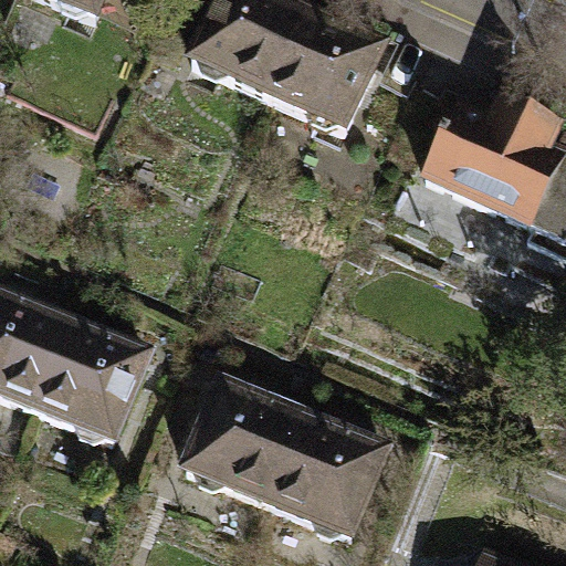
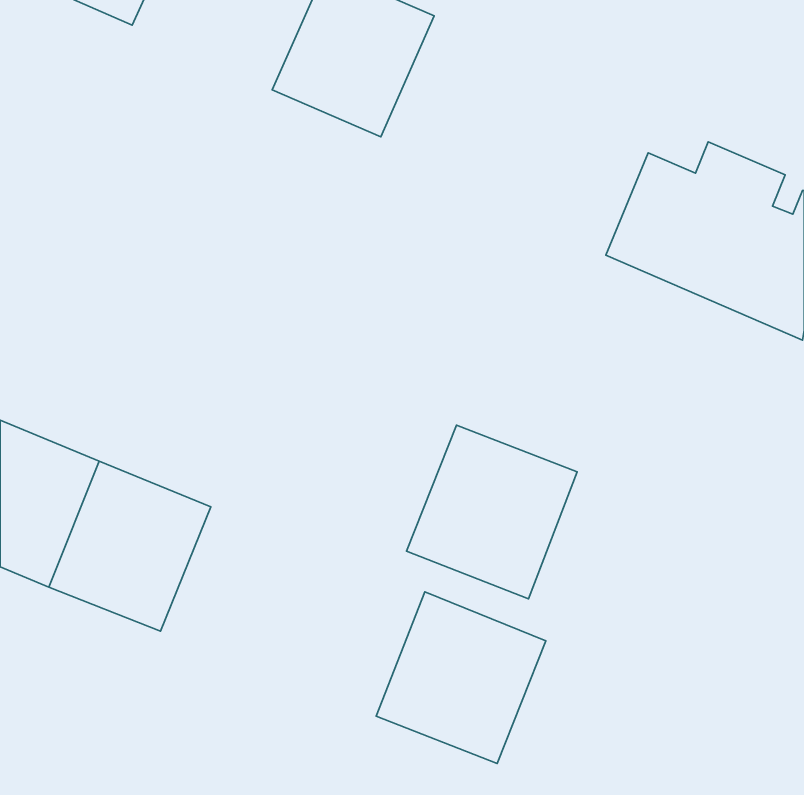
building: [268,11,382,130] -> none
building: none -> [407,425,577,599]
building: [186,386,298,503] -> none

